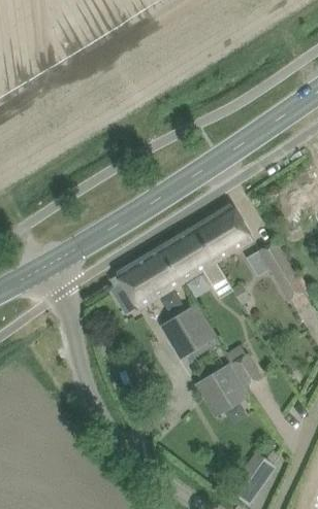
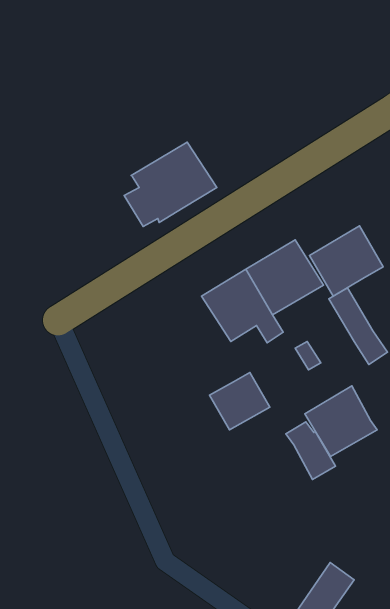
building: none -> [310,226,383,296]
building: [110,248,182,313] -> [124,142,217,226]
building: [194,363,250,417] -> [305,386,377,457]

